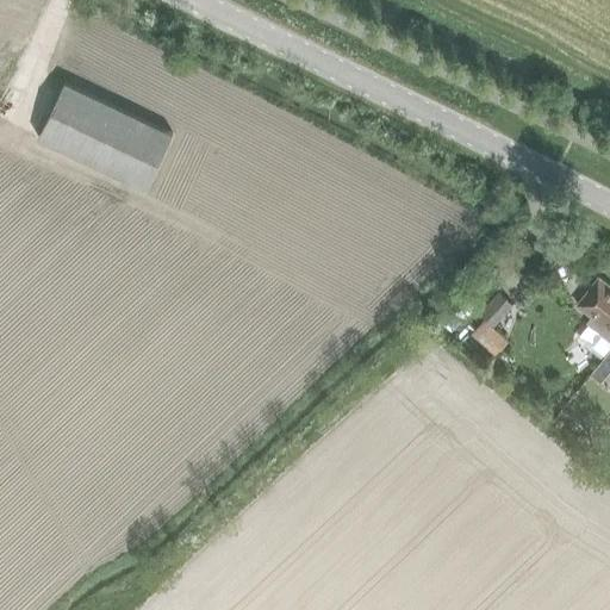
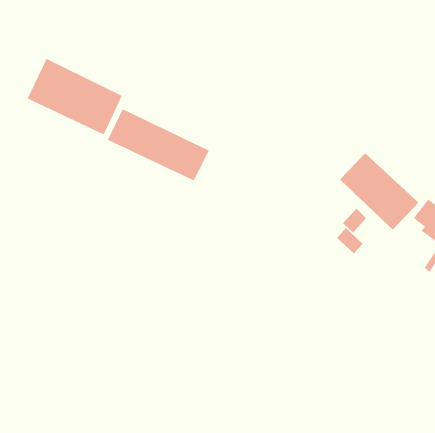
building: none -> [107,108,210,181]
building: none -> [339,152,419,230]

